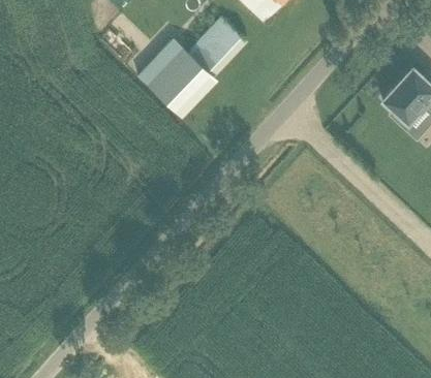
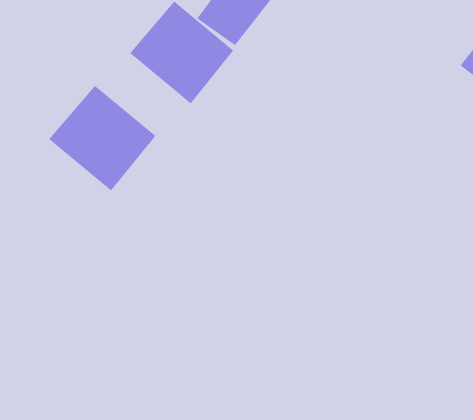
building: none -> [48,85,156,191]

